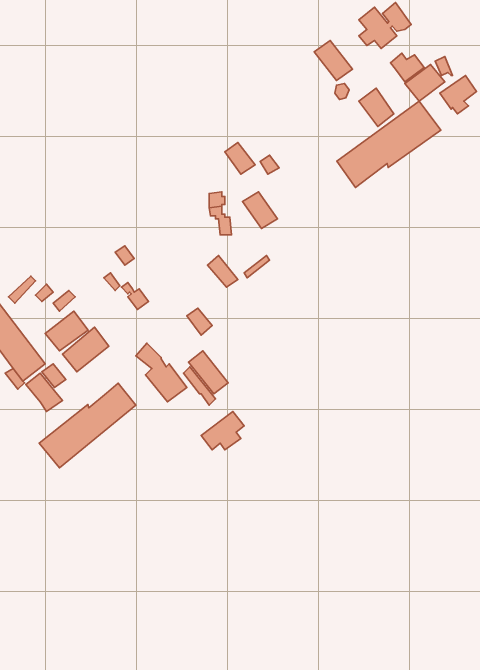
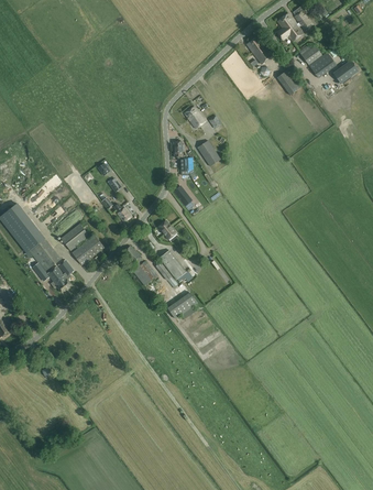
building: [337,101,441,187] -> none
building: [39,383,136,468] -> none

